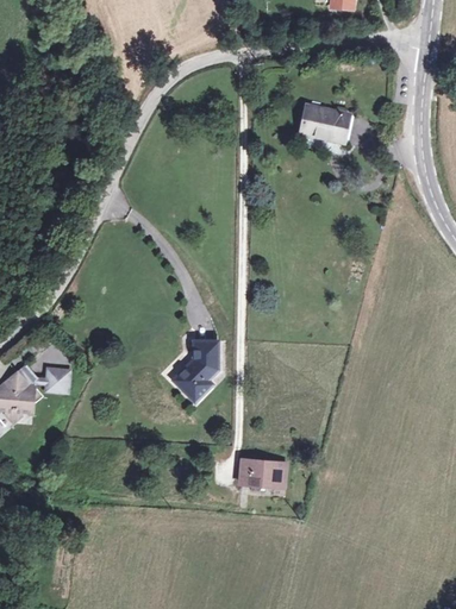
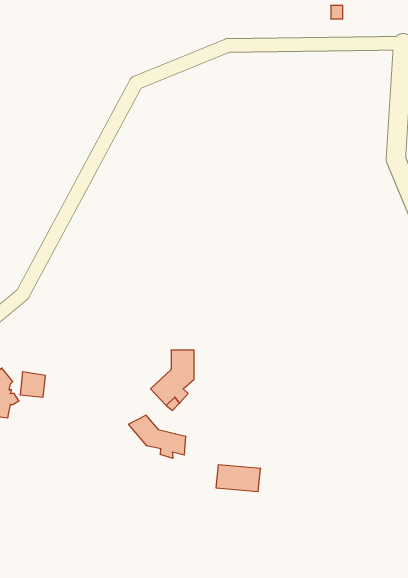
building: [300,103,346,140] -> none
building: none -> [129,415,186,458]

